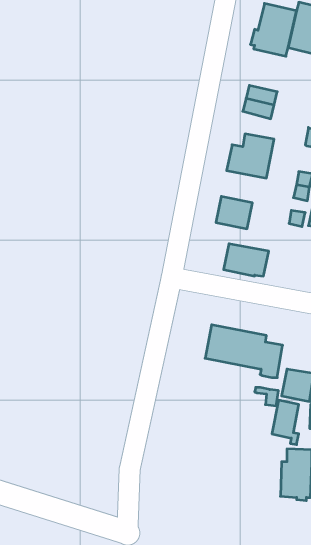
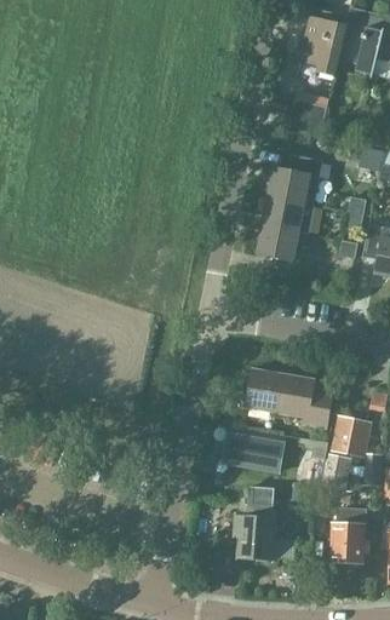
building: [224,244,269,276] -> [263,195,314,231]
building: none -> [223,434,282,473]
building: none -> [234,486,274,559]

